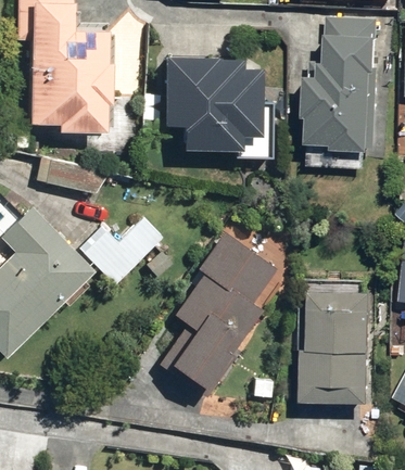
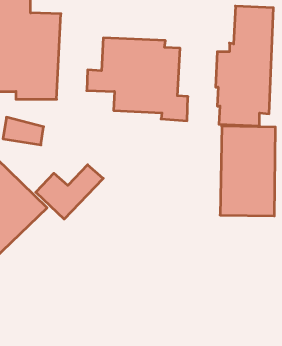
building: [162,233,277,388] -> none
building: [302,290,371,403] -> [220,126,275,216]

